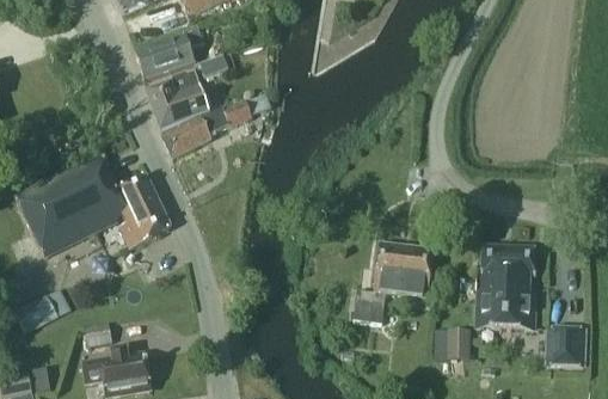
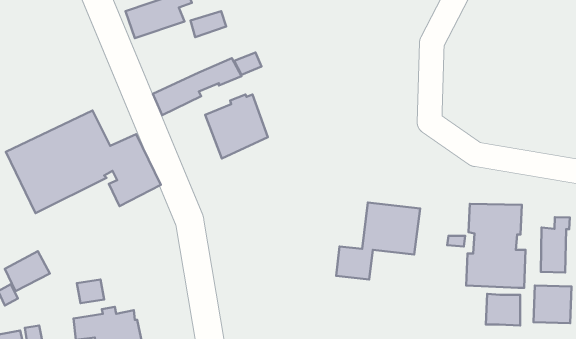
building: [146,70,209,135] -> [205,95,268,158]
building: none -> [541,217,570,272]
building: [435,329,469,361] -> [486,294,520,326]

